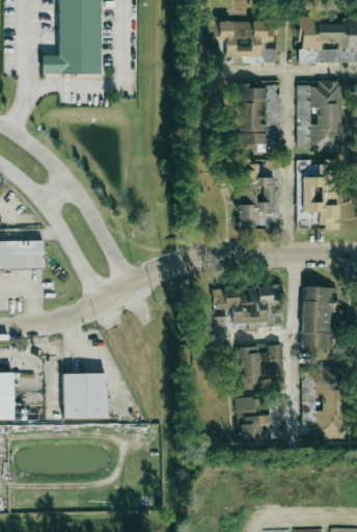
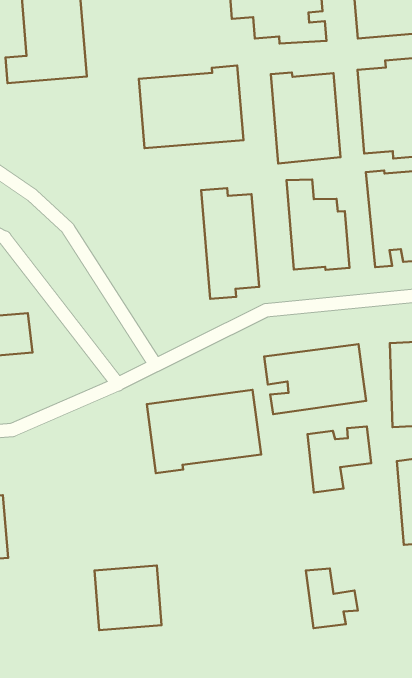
building: none -> [139,66,243,148]
building: none -> [201,188,259,299]
building: none -> [147,390,261,473]
building: [61,374,107,418] -> [94,565,162,630]
building: [237,397,272,440] -> [306,568,358,628]

